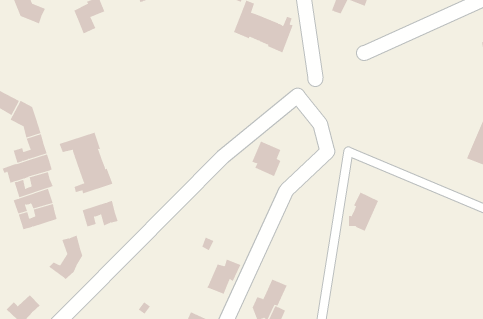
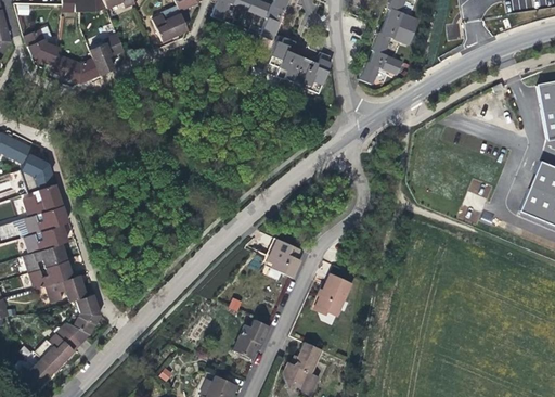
building: none -> [359,50,400,81]
building: none -> [49,54,100,82]
building: [59,132,113,194] -> none
building: [252,141,281,177] -> [269,240,301,279]
building: [348,192,379,232] -> [319,273,352,317]
building: [82,200,118,227] -> [44,274,85,304]
building: none -> [41,329,80,371]

